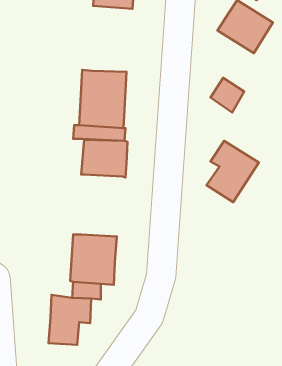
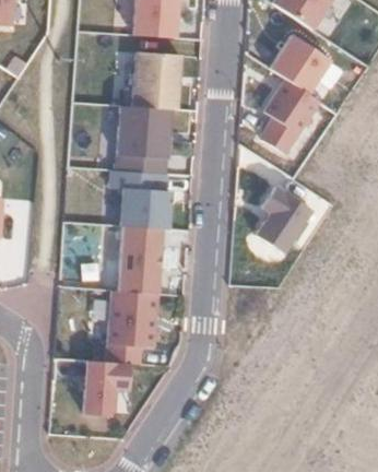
building: none -> [130,48,180,111]
building: none -> [263,76,318,132]
building: none -> [118,224,164,293]

